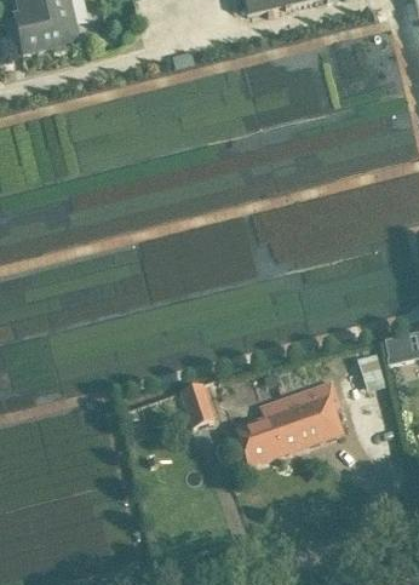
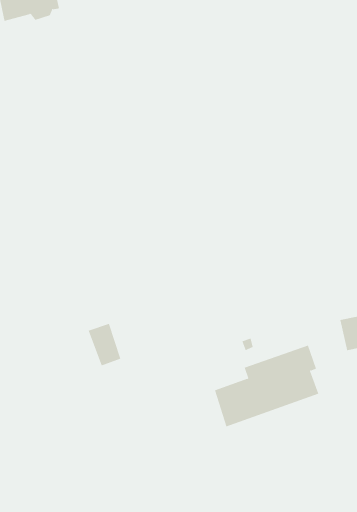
building: [180,384,214,428] -> [88,323,121,366]

